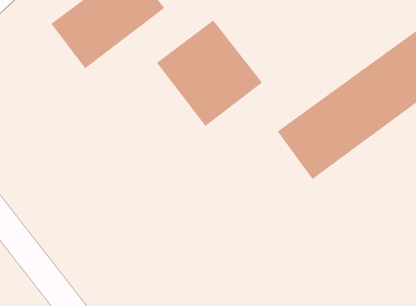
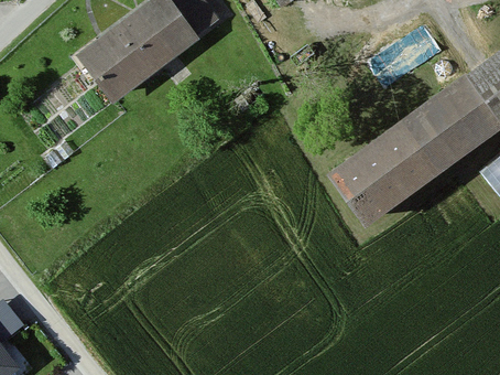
building: [156,19,263,127] -> none

